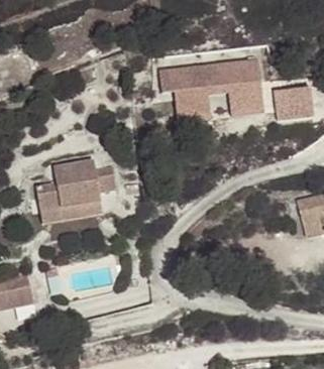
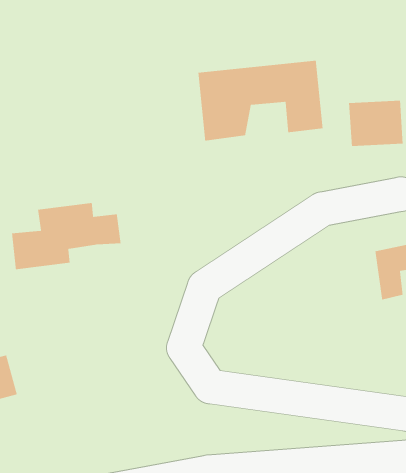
building: [35,193,98,222] -> none

